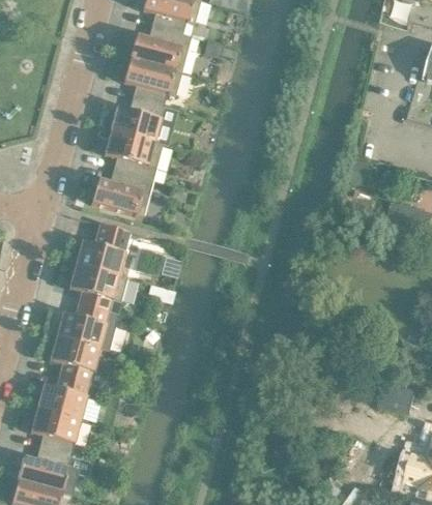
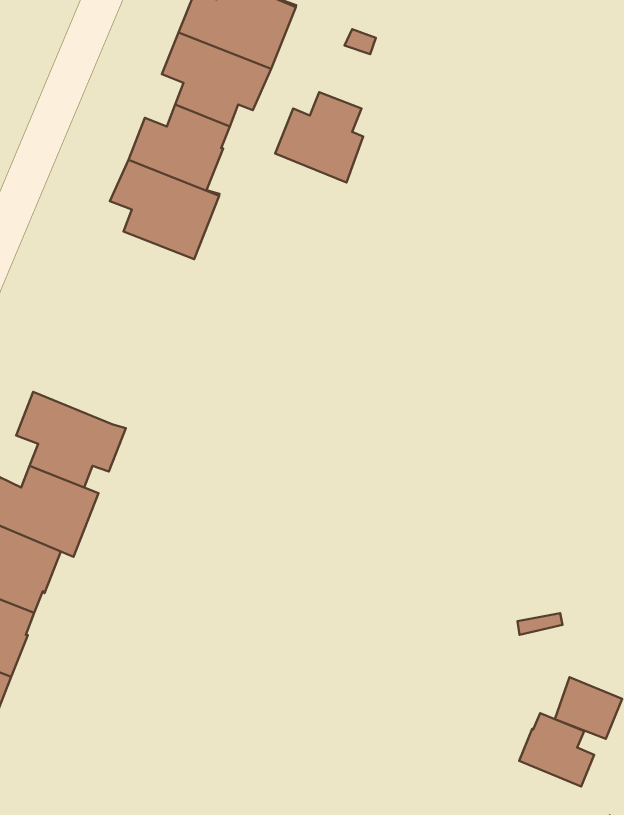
building: none -> [275,92,363,183]
building: [91,170,153,216] -> none
building: [75,222,131,275] -> none
building: none -> [519,713,594,787]

